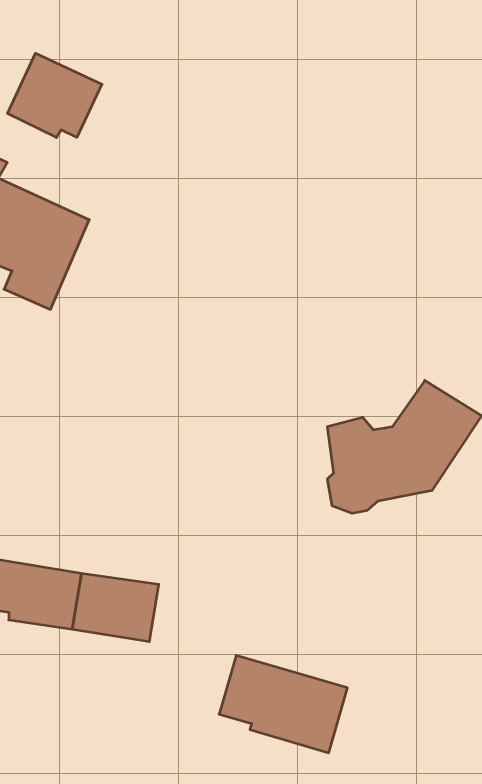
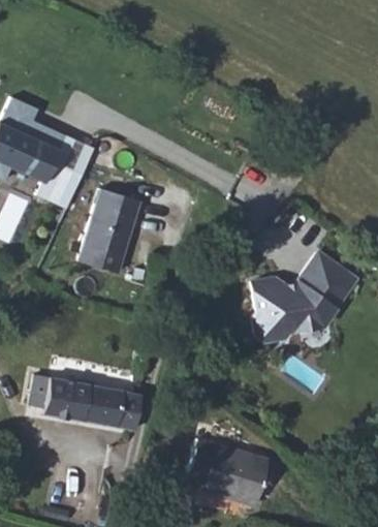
building: [8,53,102,138] -> none
building: none -> [76,189,138,274]

